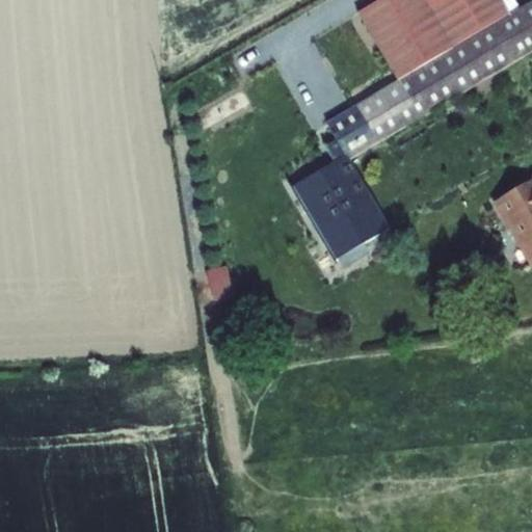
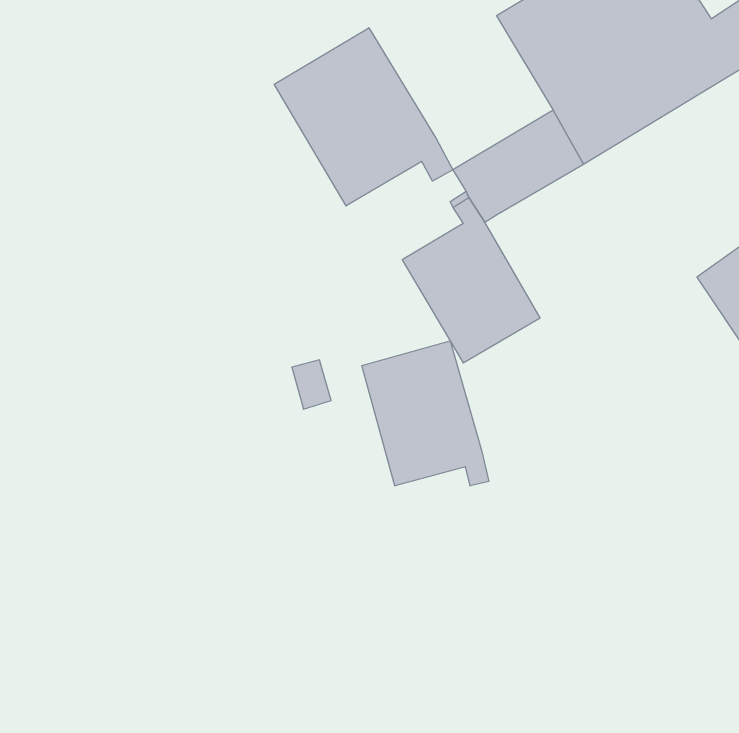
building: none -> [274,28,453,206]
building: none -> [362,341,489,486]

